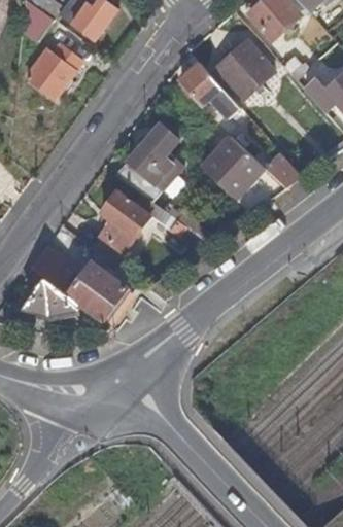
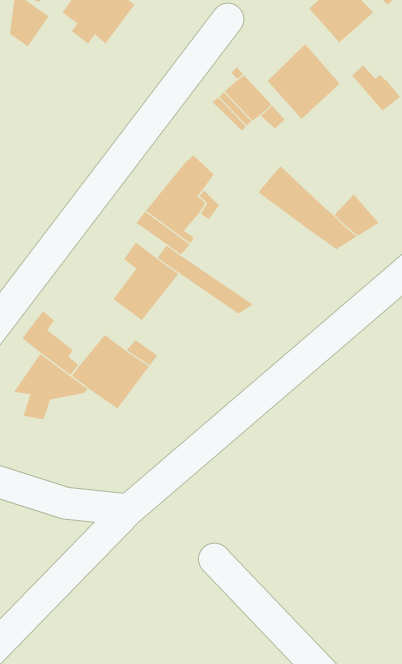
building: [26,49,78,98] -> none
building: [199,153,271,212] -> none

